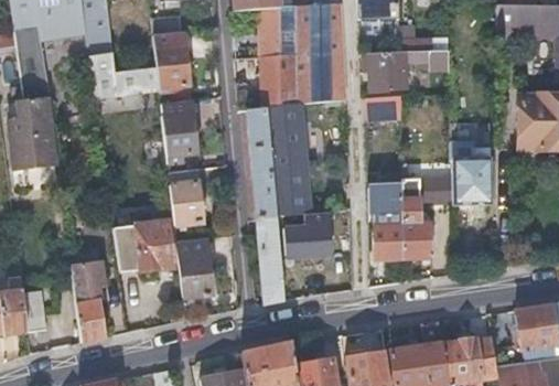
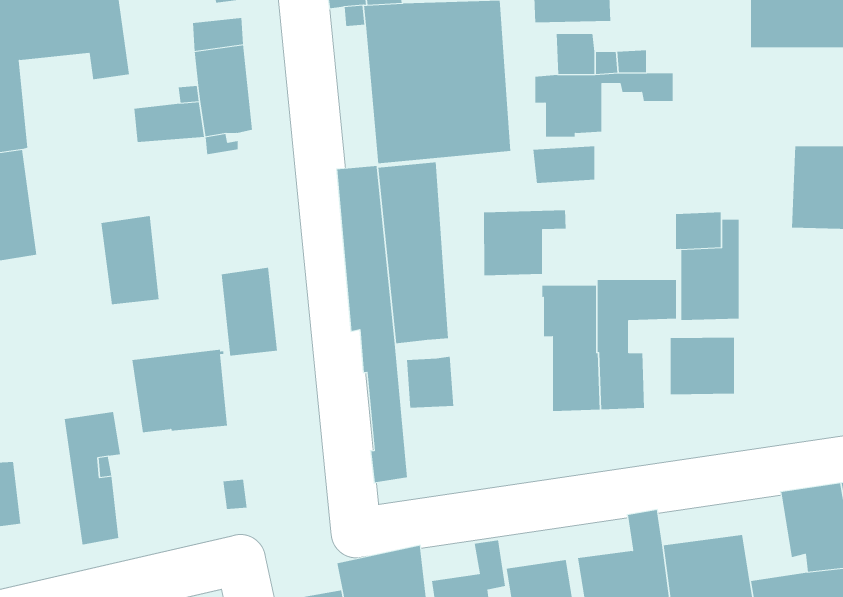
building: [88,51,118,95] -> none
building: [161,101,197,157] -> [101,216,159,305]
building: none -> [483,209,566,276]
building: none -> [670,337,735,395]
building: [178,238,213,297] -> none

